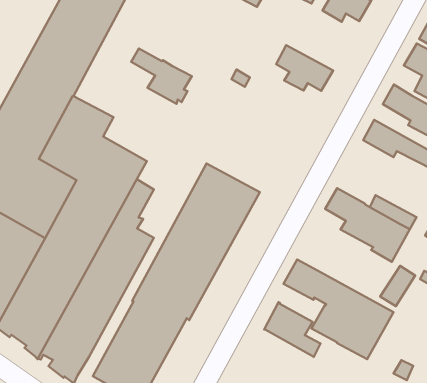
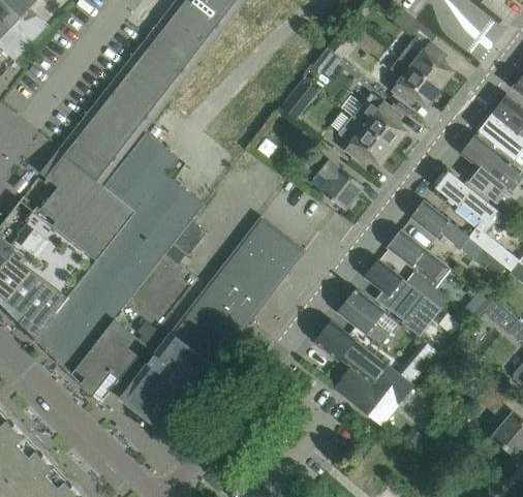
building: none -> [281,81,316,119]
building: none -> [351,93,404,148]
building: [131,49,192,104] -> [307,152,362,210]
building: none -> [386,230,449,282]
building: [264,302,320,357] -> [336,288,387,345]

